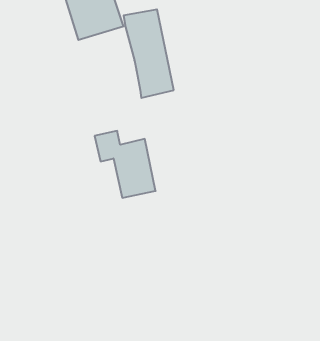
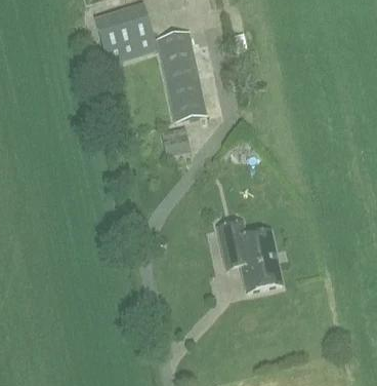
building: [95,131,156,198] -> [217,220,281,290]

